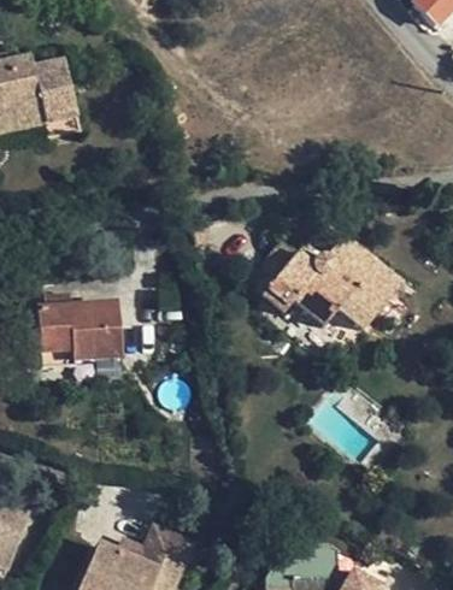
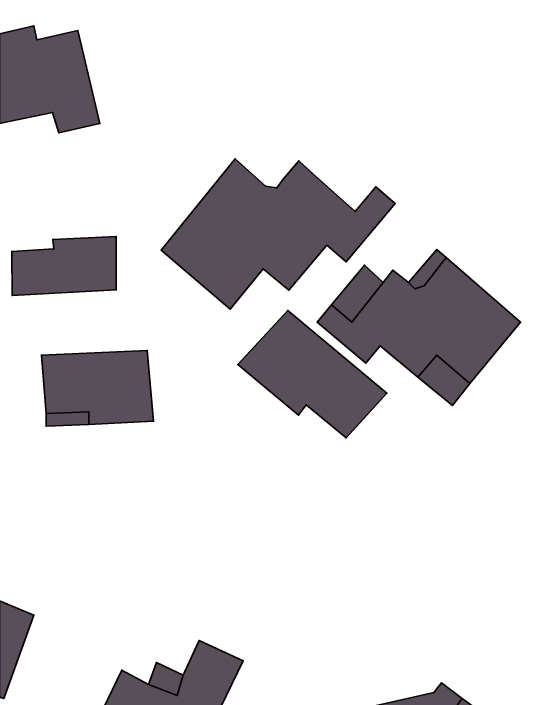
building: none -> [161,159,395,309]
building: none -> [12,236,116,295]
building: none -> [238,310,387,438]

